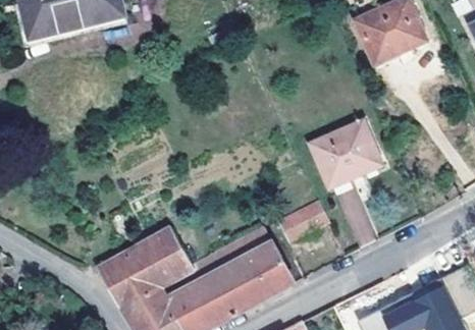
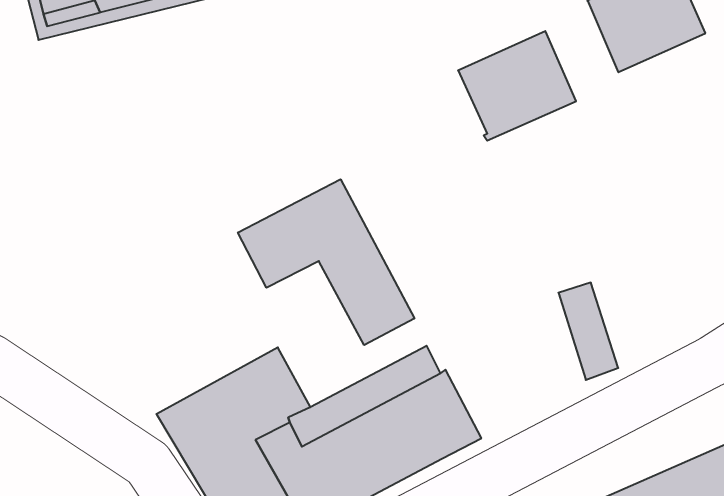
building: [312,119,382,184] -> [458,31,576,141]
building: none -> [238,179,414,345]
building: [279,198,328,237] -> none

